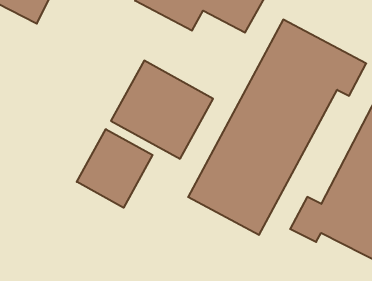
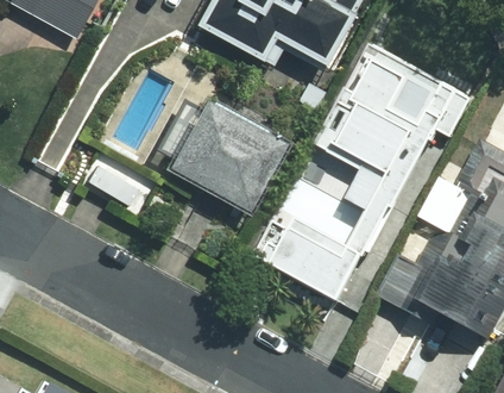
building: [77,129,153,208] -> none

